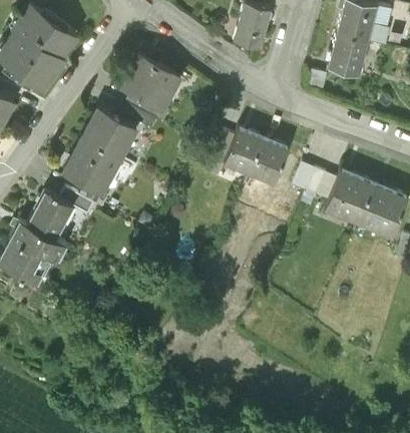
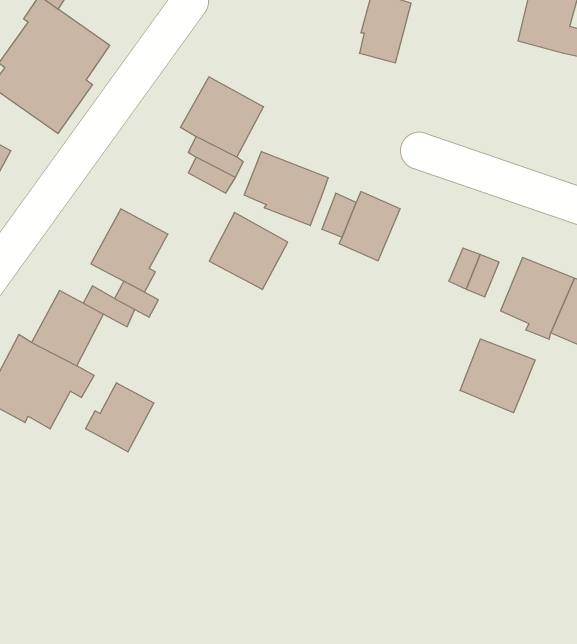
building: [329,33,367,76] -> none
building: none -> [244,151,328,226]
building: [84,109,134,158] -> [209,212,288,289]
building: [249,140,288,183] -> none
building: none -> [460,339,535,413]
building: none -> [86,383,154,452]

